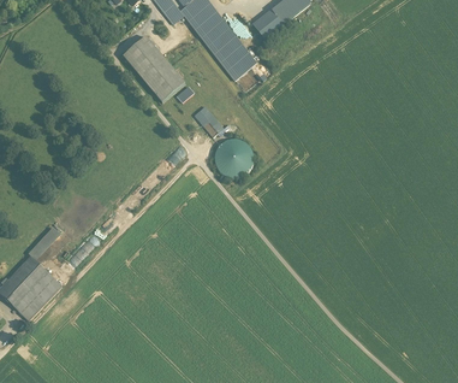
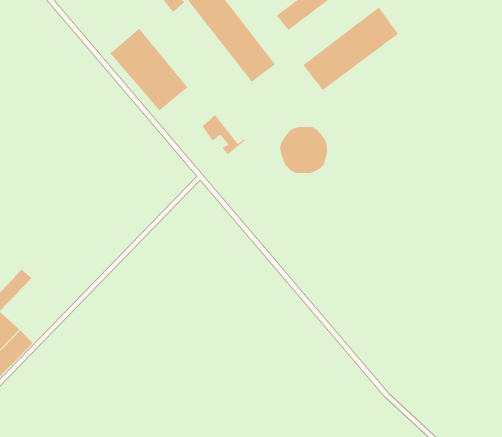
building: none -> [303,7,399,91]
building: [214,140,252,177] -> [279,127,328,174]

